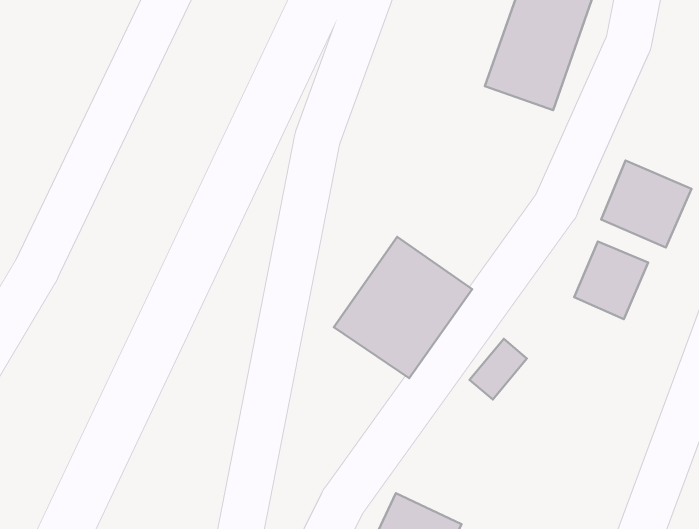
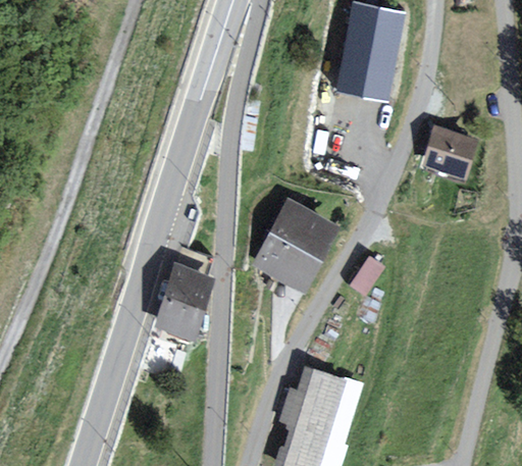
building: [574,241,648,319] -> none
building: none -> [154,269,207,335]

